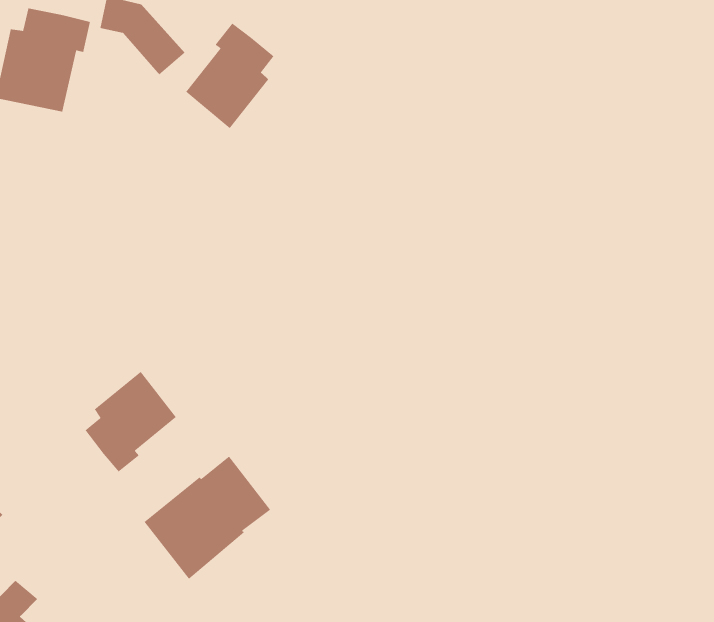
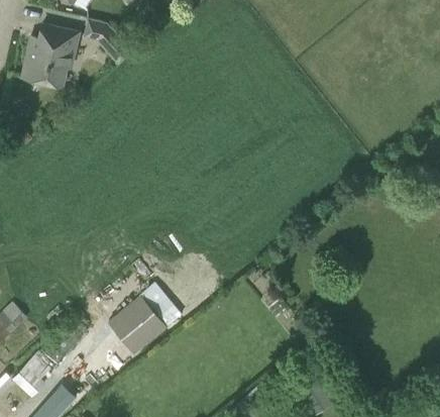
building: [185,23,274,129] -> none
building: [84,371,177,473] -> none

